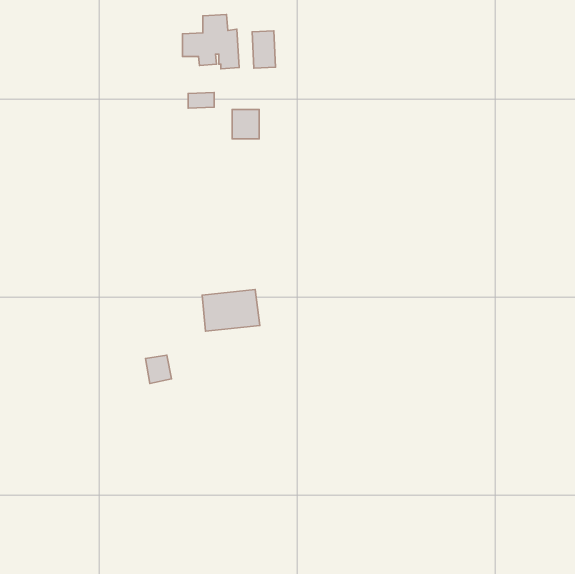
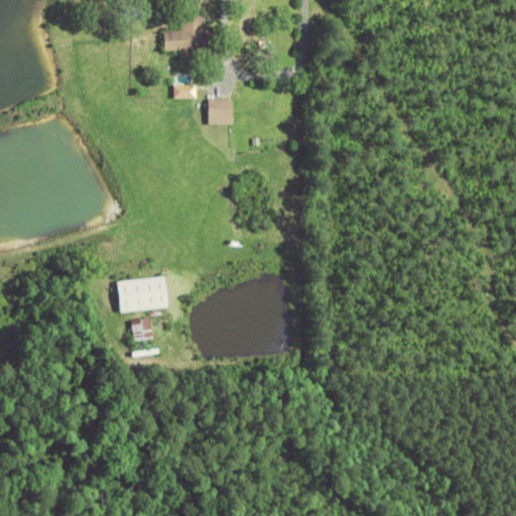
building: [252,31,275,68] -> none
building: [202,289,260,331] -> [117,276,168,313]

